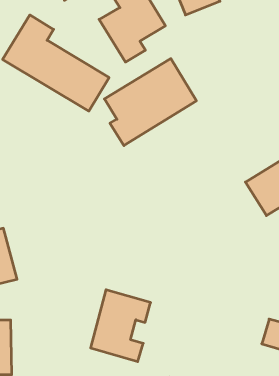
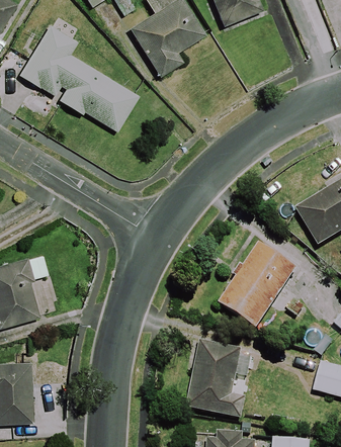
building: [104,59,196,146] -> none
building: none -> [215,242,295,330]
building: [91,290,151,362] -> [184,341,251,421]

